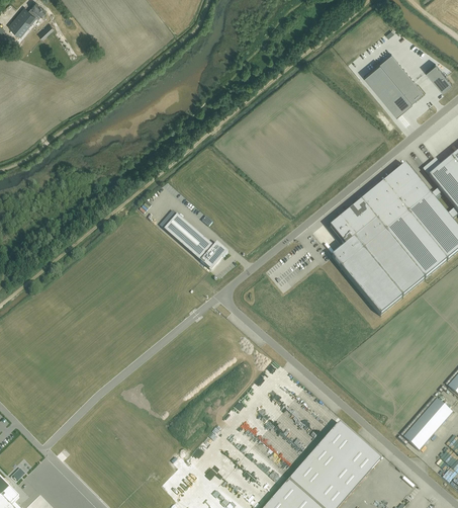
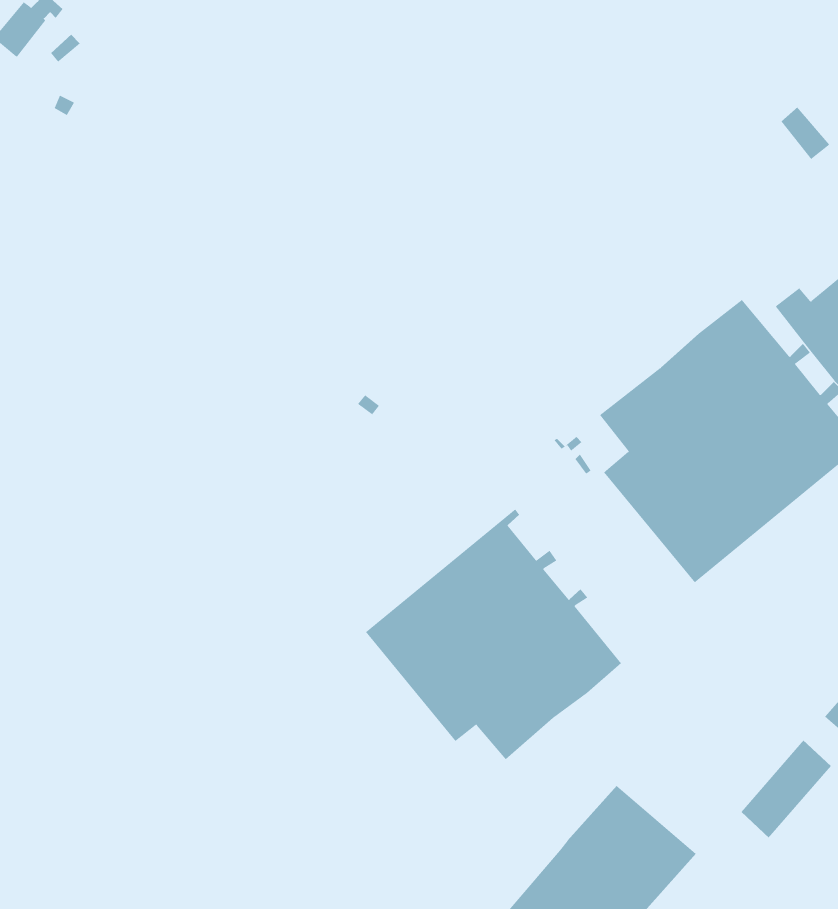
building: [363,52,423,113] -> none
building: [163,213,226,267] -> none
building: none -> [365,508,622,760]

